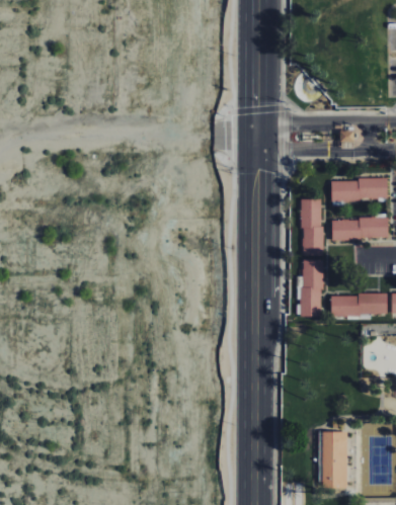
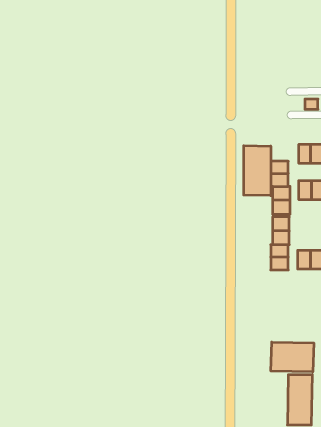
building: none -> [244,146,271,196]
building: none -> [271,342,314,372]

